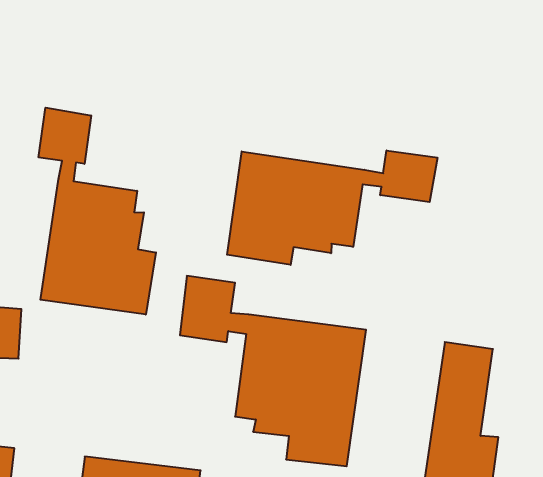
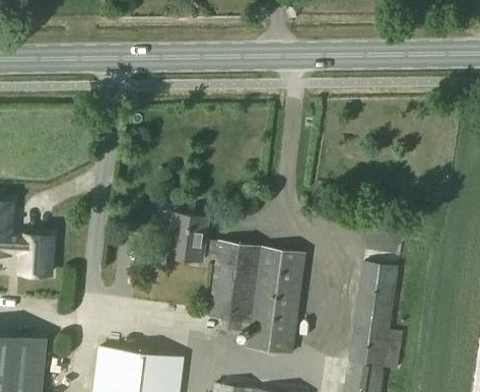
building: [39,108,156,315] -> none
building: [227,150,437,265] -> none

